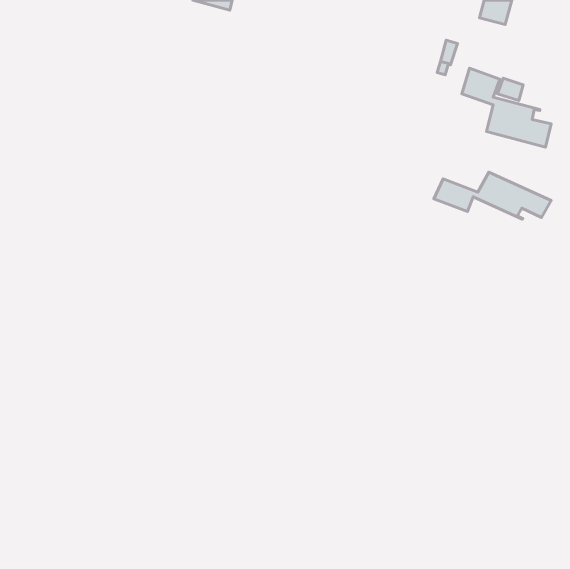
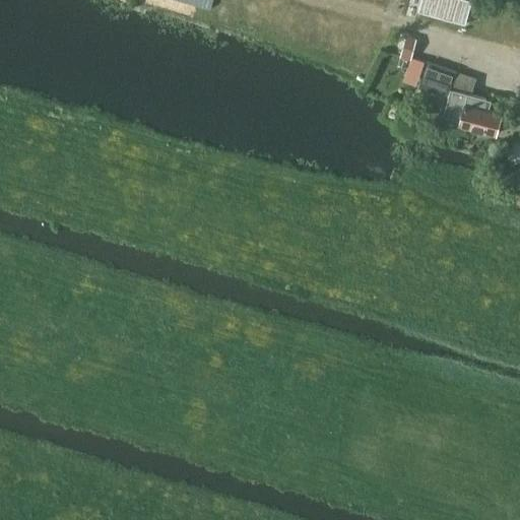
building: [434,172,551,219] -> none

